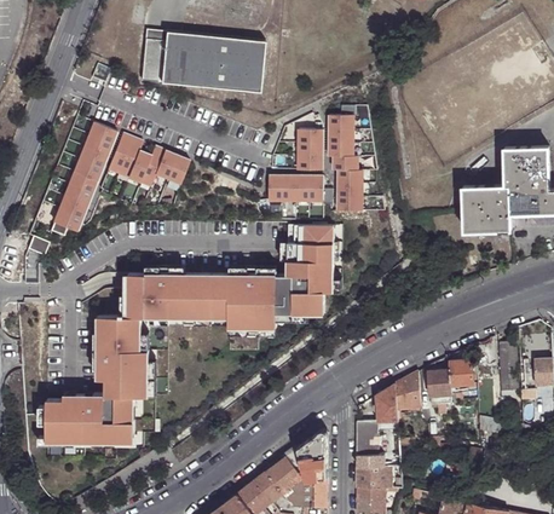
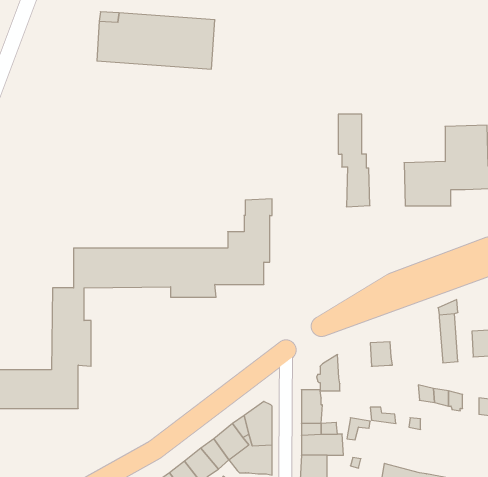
building: [329,115,362,210] -> [338,114,370,207]
building: [51,123,112,232] -> none
building: [298,129,322,171] -> none
building: [108,135,186,187] -> none
building: [269,177,322,198] -> none
building: [449,360,473,387] -> none
building: [394,372,421,409] -> none

